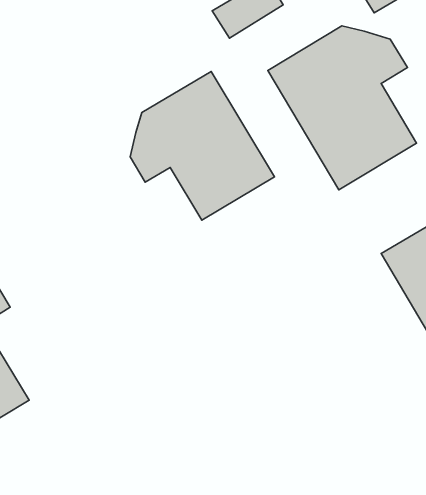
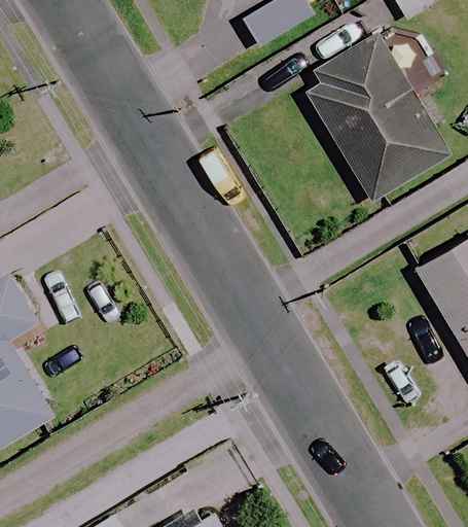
building: [130,71,275,220] -> none

